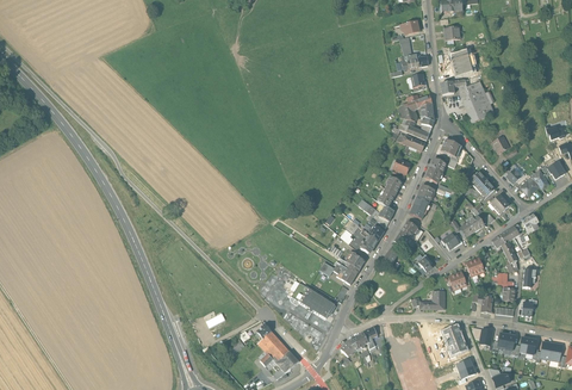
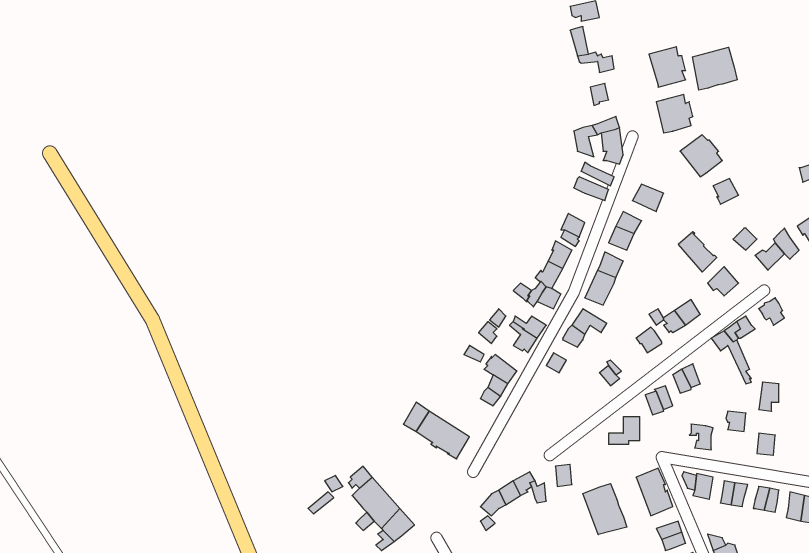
building: none -> [693,47,737,90]
building: none -> [583,484,627,535]

